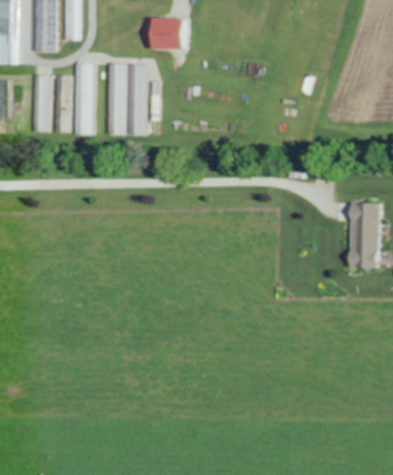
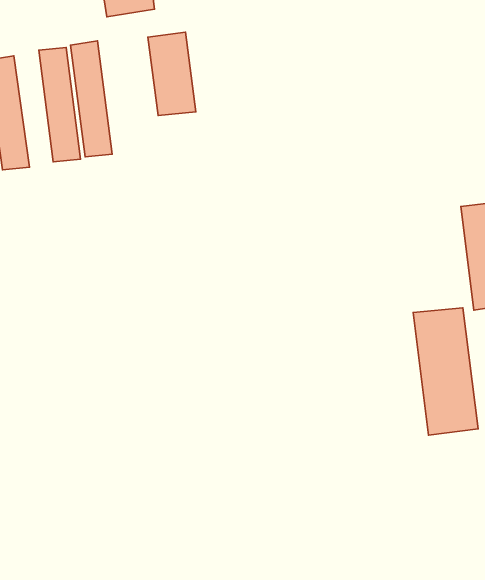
building: none -> [148,32,196,116]
building: none -> [413,308,478,435]

